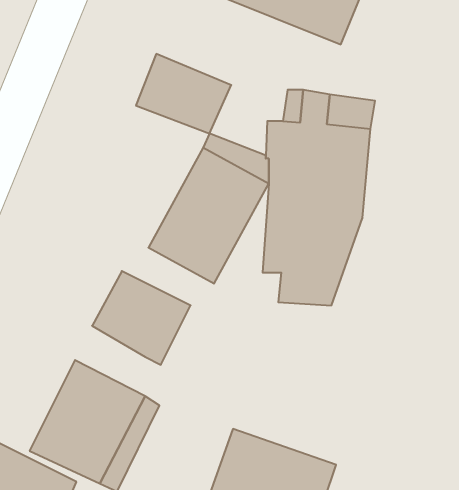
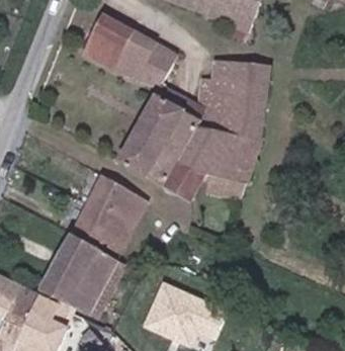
building: none -> [74,20,120,69]
building: none -> [158,119,194,198]
building: none -> [68,211,123,257]

